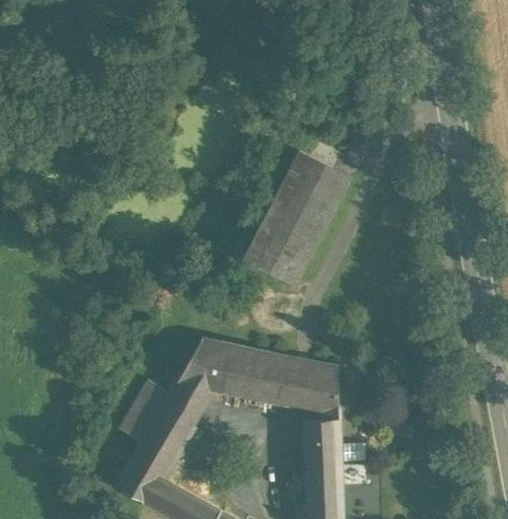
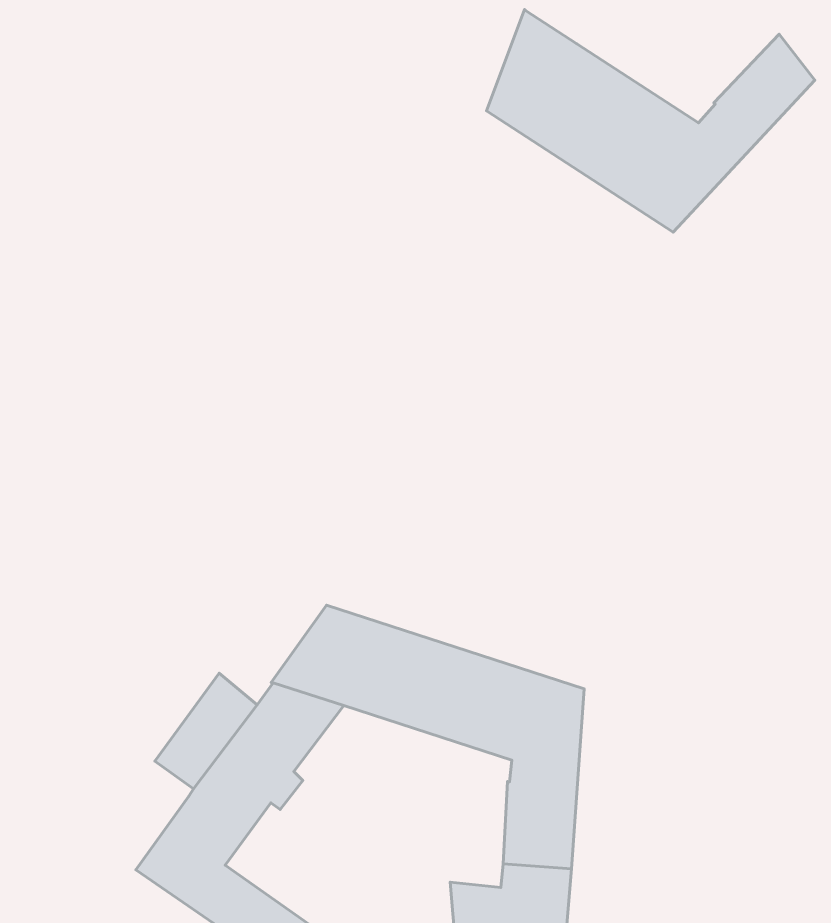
building: none -> [487,9,815,232]
building: [242,149,350,284] -> none

